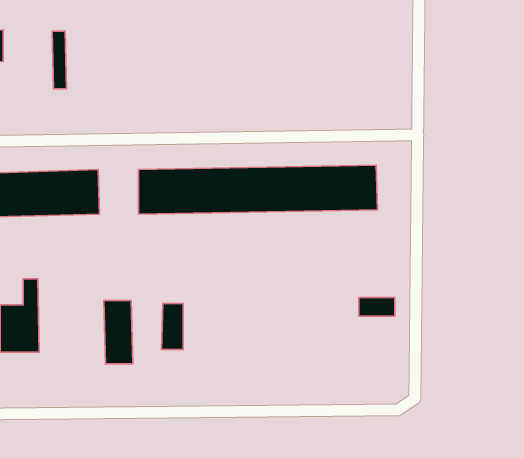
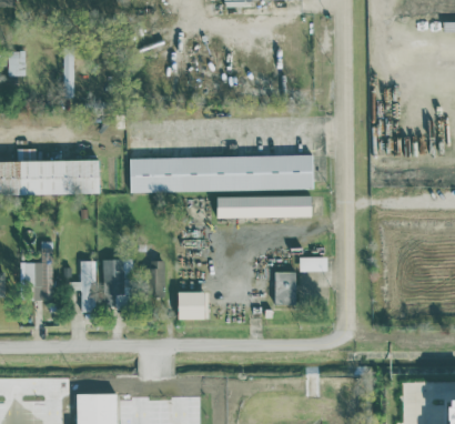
building: none -> [218,195,312,219]
building: none -> [70,261,95,312]
building: none -> [275,272,296,305]
building: none -> [178,292,204,321]

